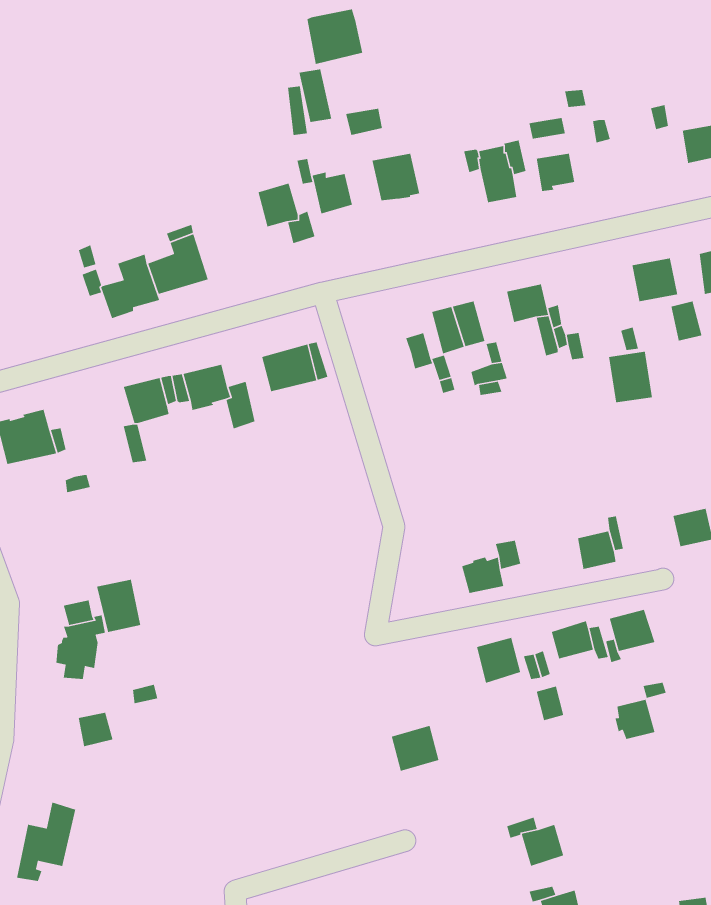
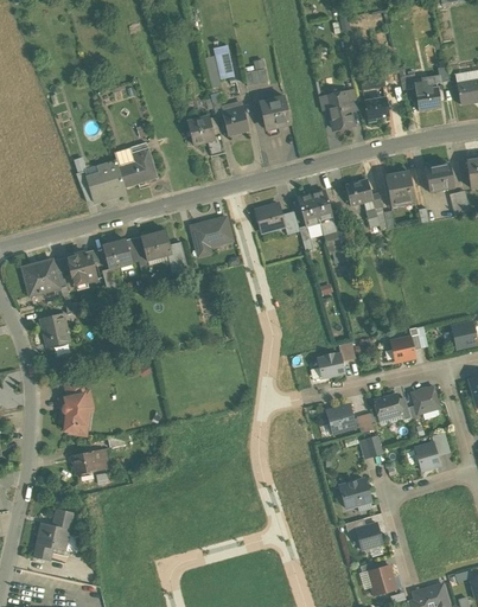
building: [306,8,363,65] -> none
building: none -> [414,84,440,111]
building: none -> [256,204,285,231]
building: [608,351,653,403] -> [385,172,414,205]
building: none -> [66,254,96,286]
building: [96,579,141,633] -> [40,313,69,347]
building: [391,725,440,772] -> [339,479,370,509]

